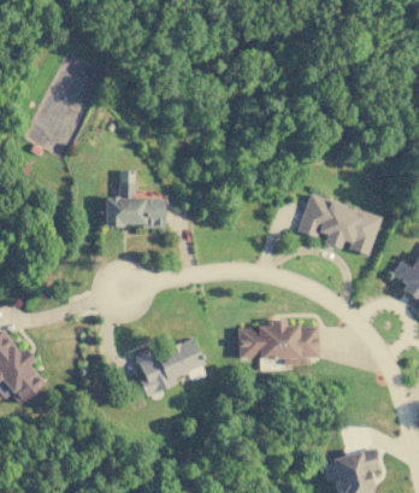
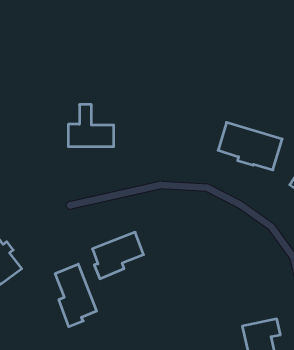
building: [237,319,318,365] -> none
building: none -> [55,264,97,327]

